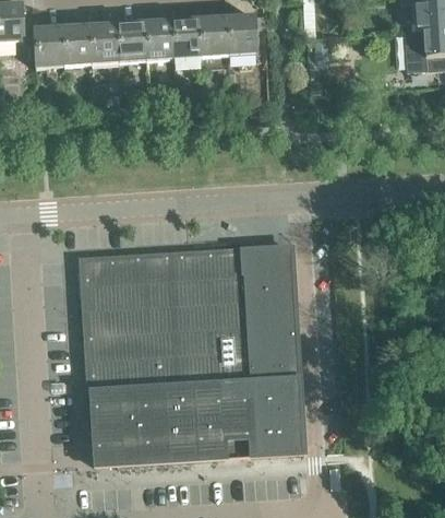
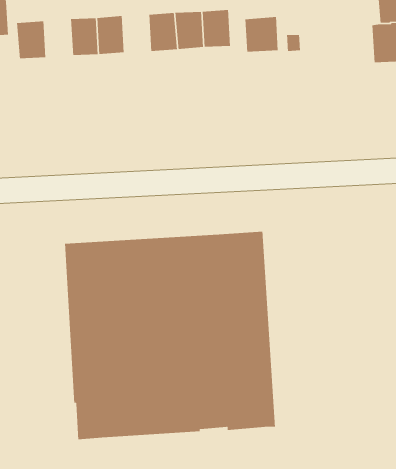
building: [143,19,172,59] -> none
building: none -> [245,16,279,52]
building: [61,23,91,64] -> none

